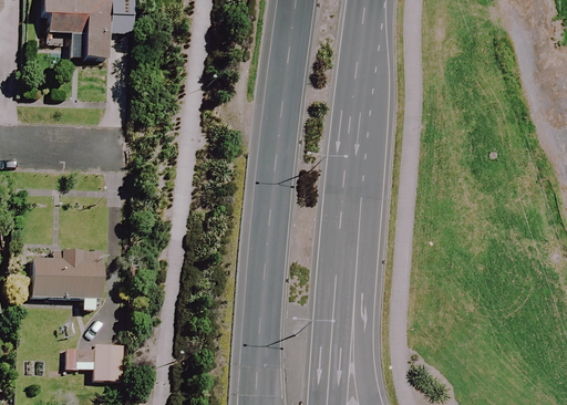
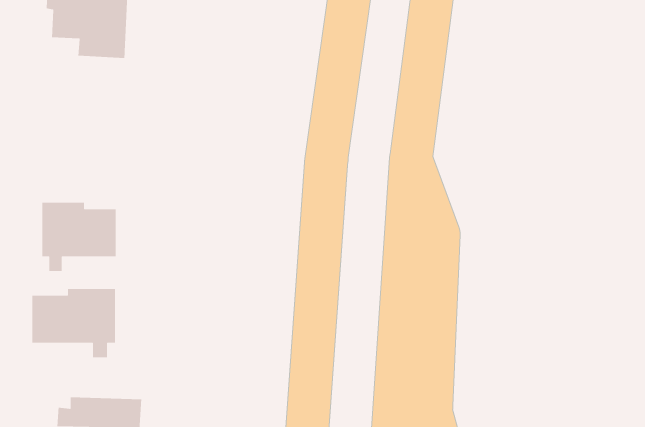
building: none -> [41,202,116,272]

